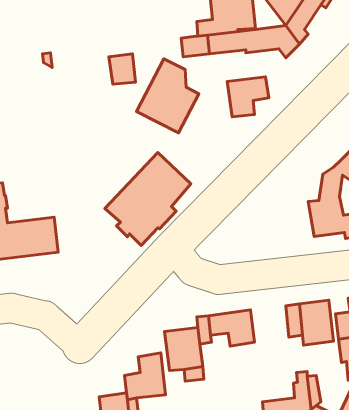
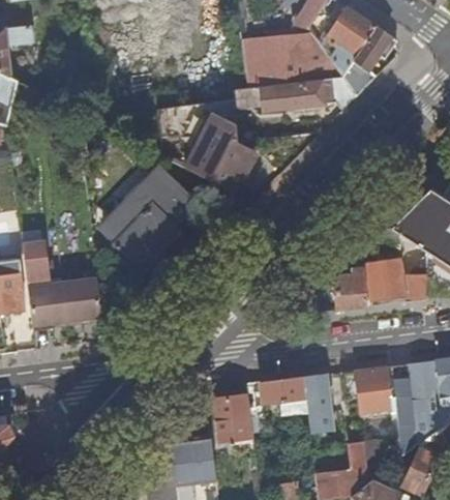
building: [227,77,269,117] -> none
building: [105,153,191,245] -> [101,167,192,265]
building: none -> [333,247,368,308]
building: none -> [304,373,334,432]

